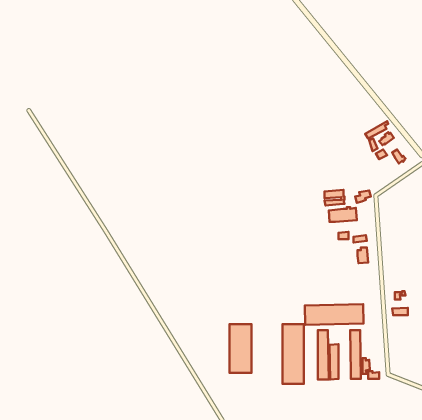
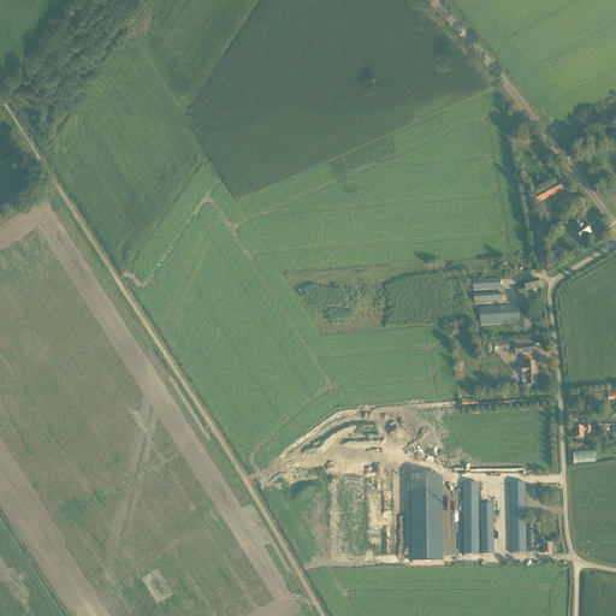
building: [305,304,363,325] -> none
building: [230,324,251,373] -> none

